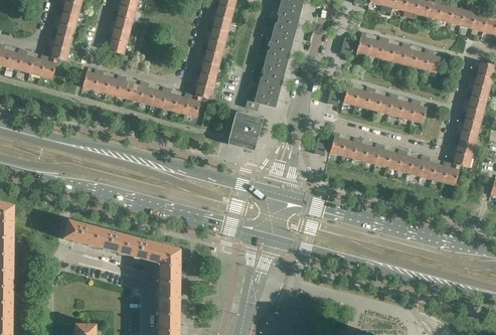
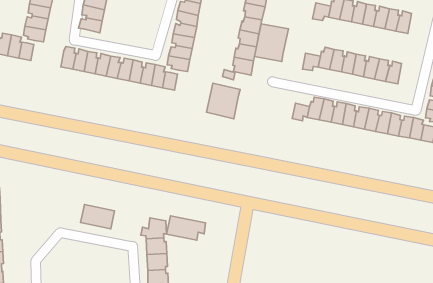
building: none -> [255,24,288,62]
building: [63,220,99,246] -> none
building: [124,236,164,263] -> [167,216,206,240]

